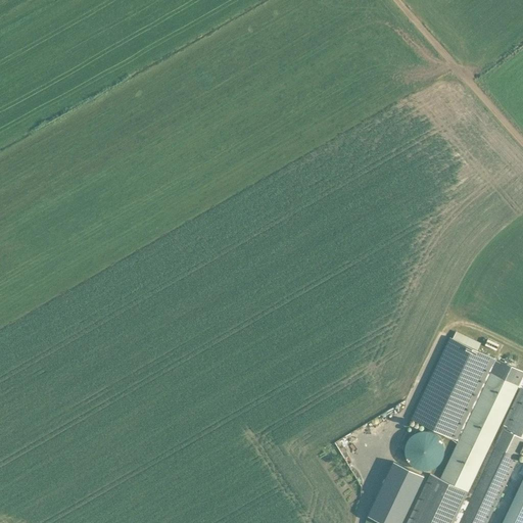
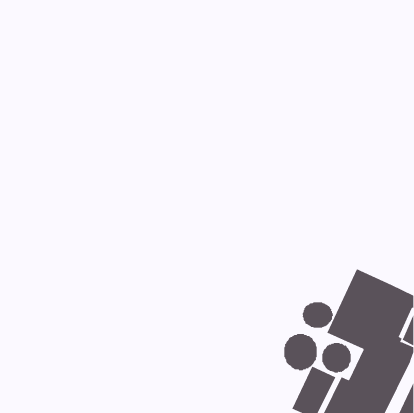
building: none -> [302,302,333,328]
building: none -> [284,333,317,371]

